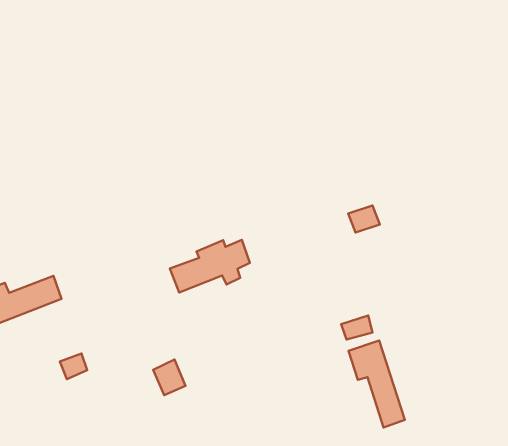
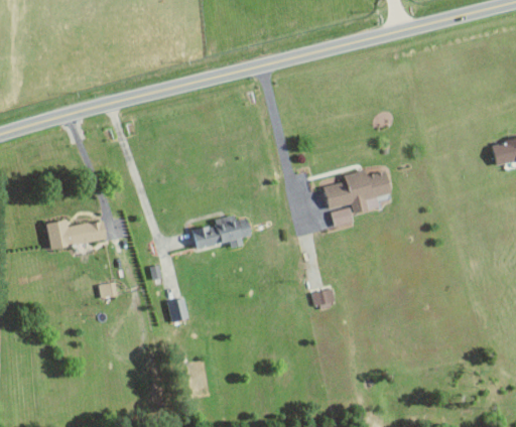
building: none -> [324,170,391,215]
building: [348,341,405,428] -> none

